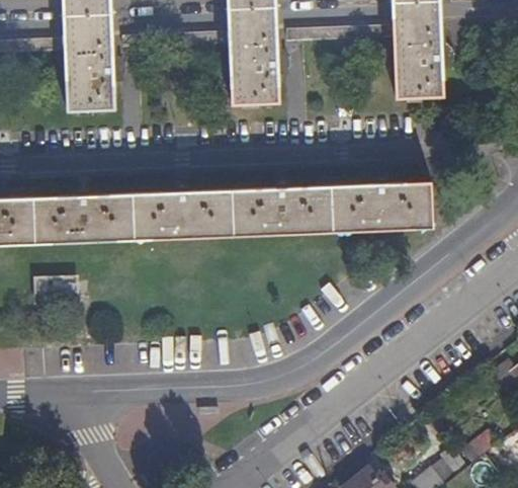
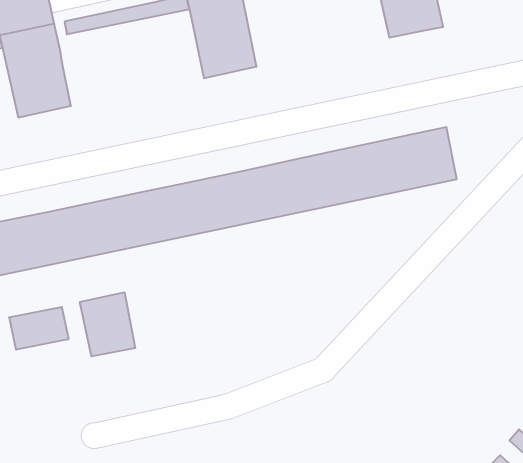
building: none -> [80,292,135,356]

